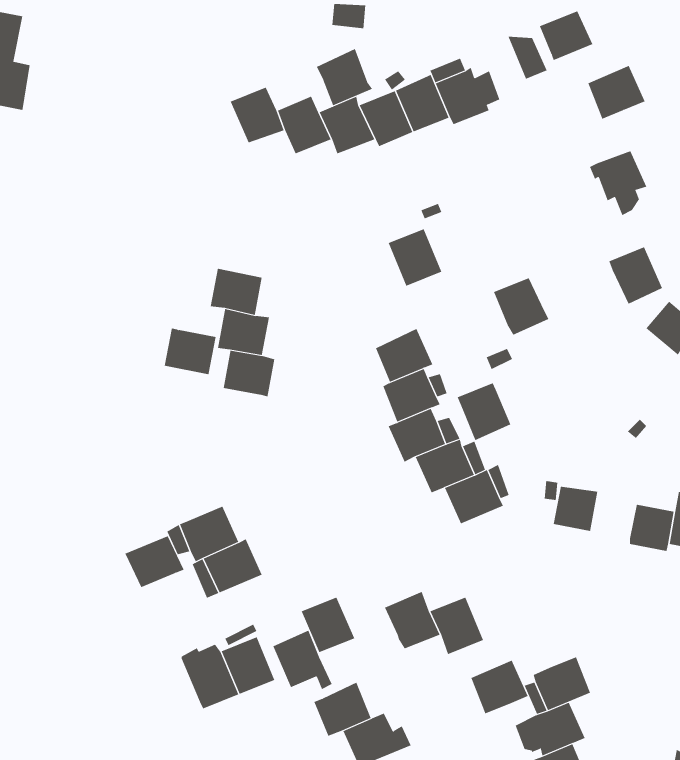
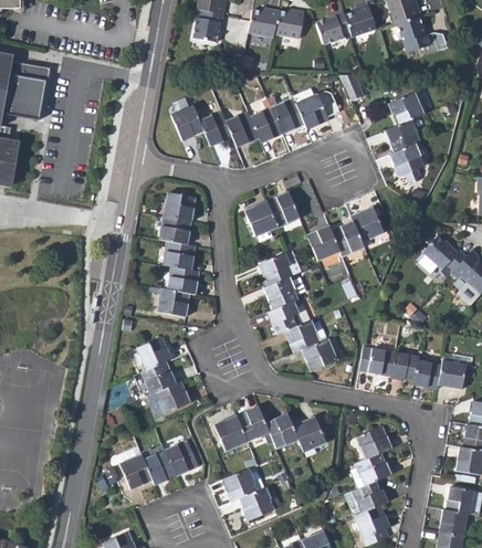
building: [539,10,593,61] -> none
building: [316,48,373,106] -> none
building: none -> [385,120,419,152]
building: none -> [163,193,195,222]
building: none -> [244,201,277,236]
building: [608,247,663,305] -> [350,208,384,243]
building: [164,328,216,375] -> [157,288,189,317]
building: [457,383,511,441] -> [306,226,339,262]
building: none -> [390,352,418,381]
building: [124,535,184,588] -> [135,338,171,370]
building: [273,630,332,690] -> [235,407,272,443]
building: none -> [119,454,151,489]
building: [470,660,528,714] -> [356,426,391,460]

